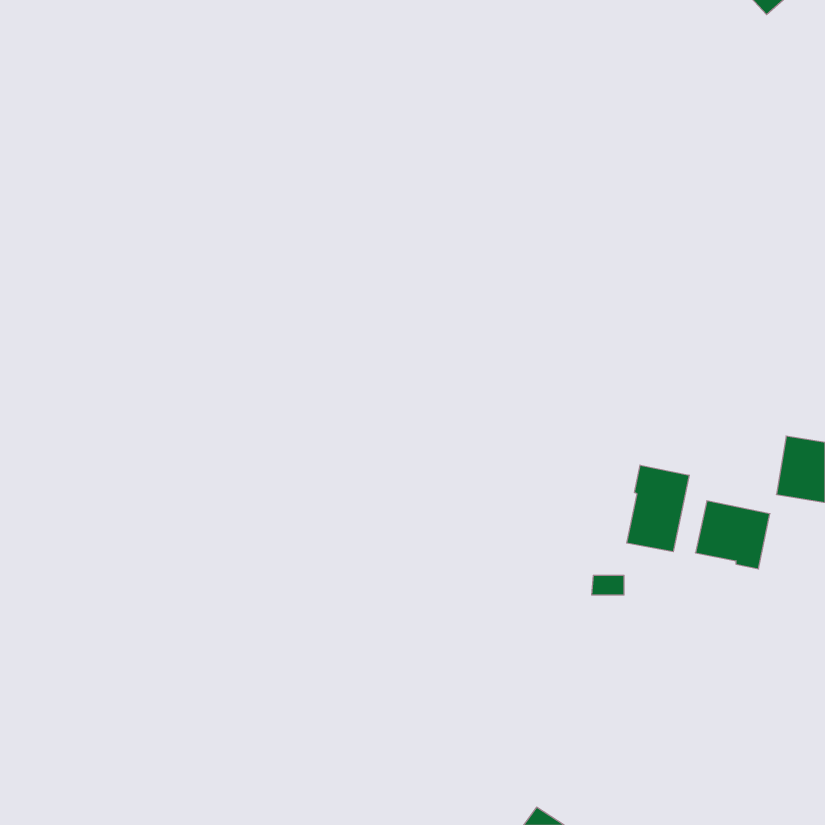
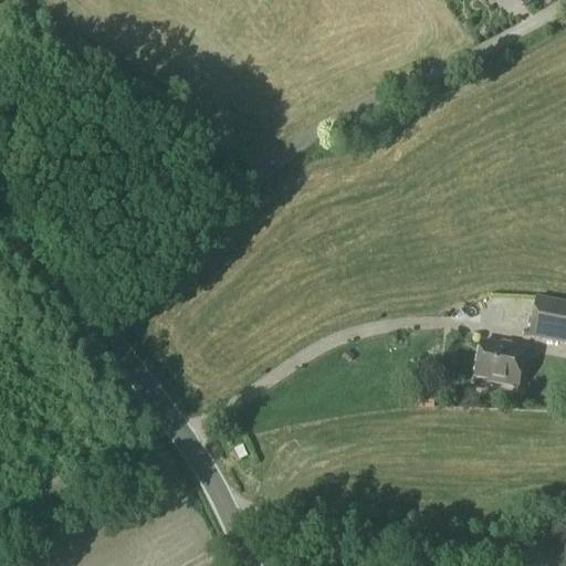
building: [627,465,689,552] -> none

